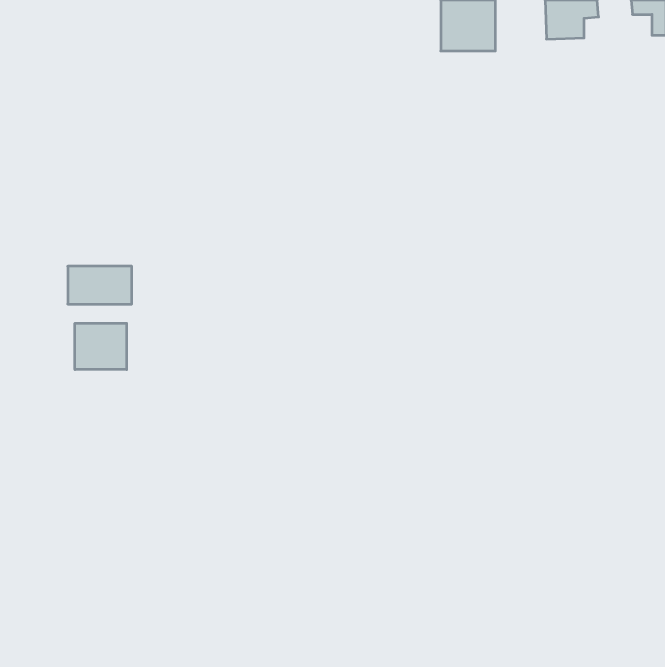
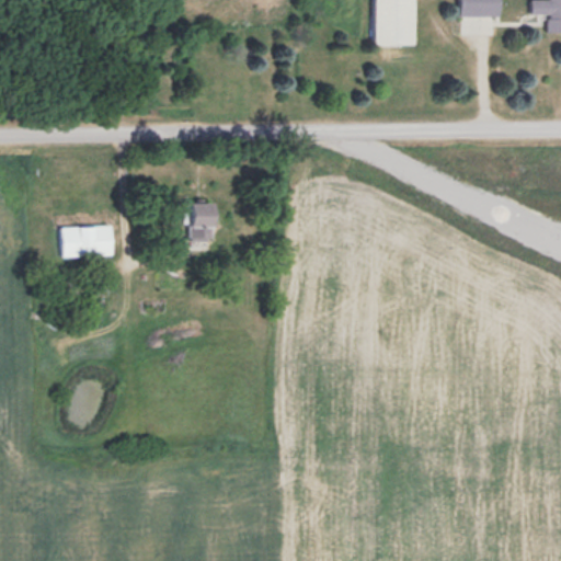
building: none -> [186,203,219,239]
building: [75,323,127,370] -> none

